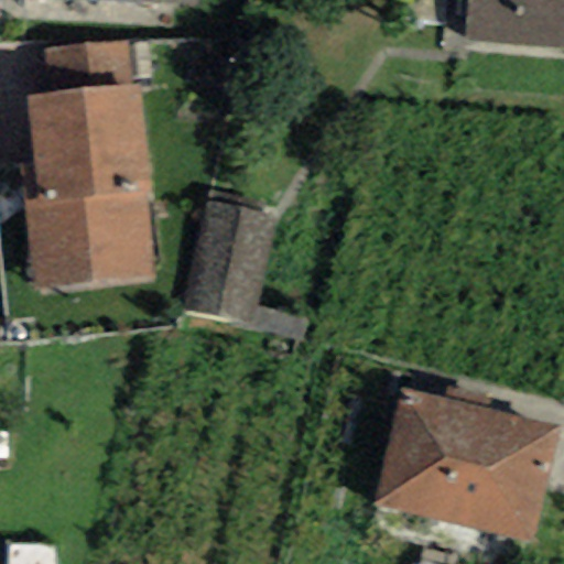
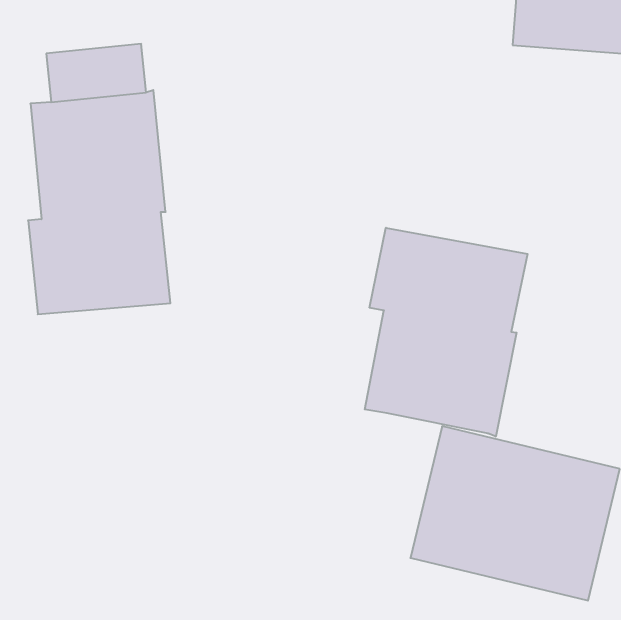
building: [184,198,278,323] -> none
building: none -> [365,228,528,437]

